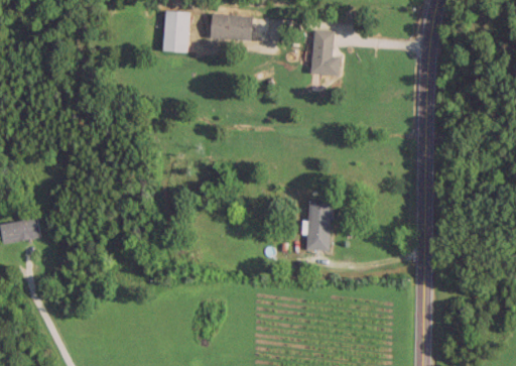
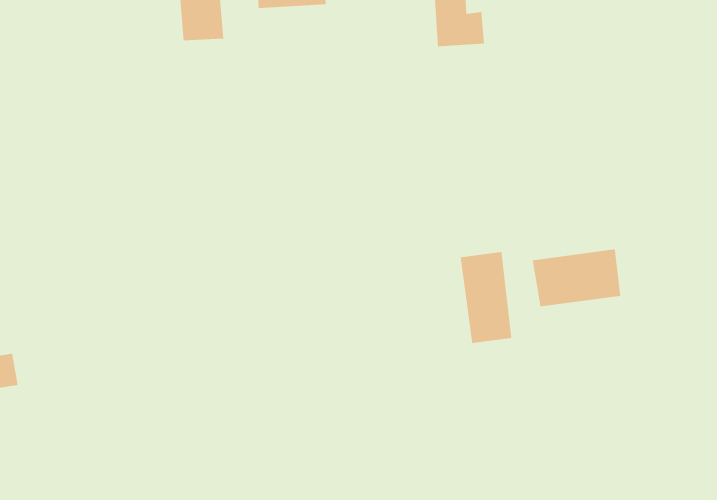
building: none -> [532,249,621,307]

